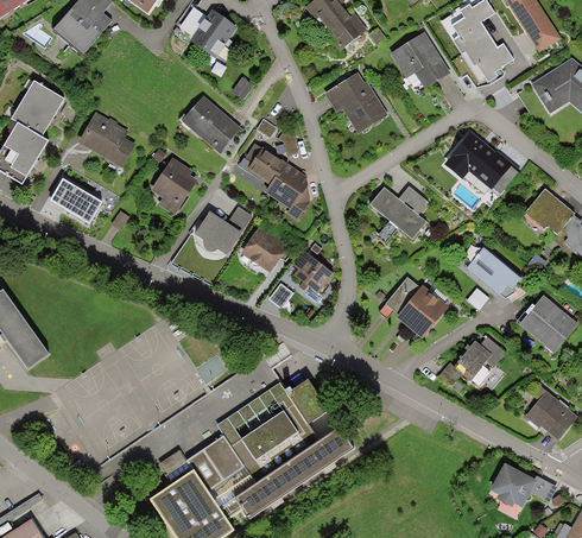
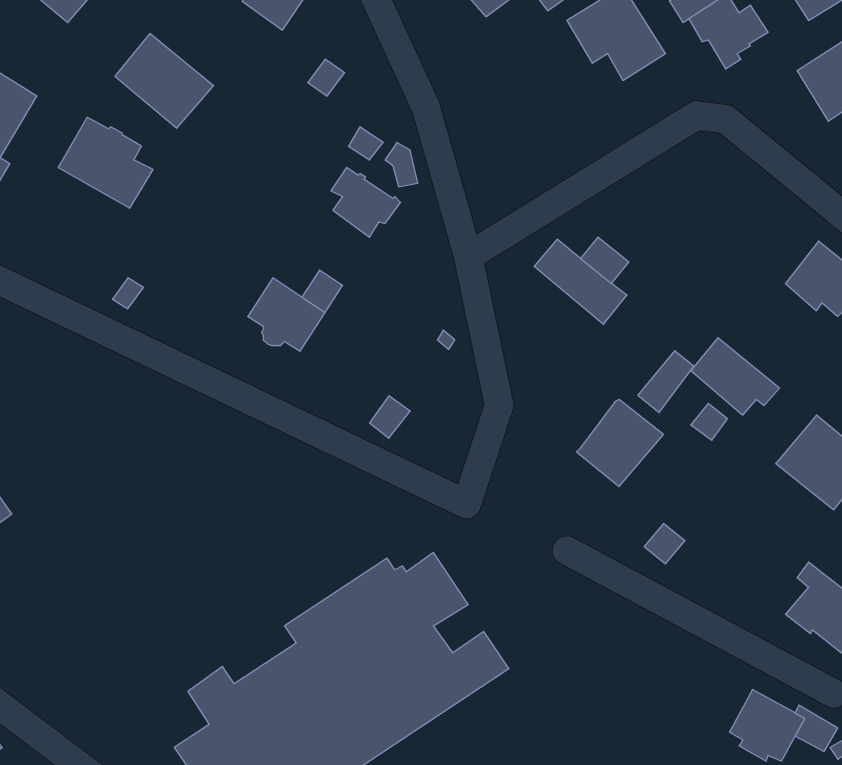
building: [324,72,387,133] -> none
building: [181,95,241,153] -> [115,34,214,128]
building: [443,131,512,189] -> none
building: [150,157,197,215] -> none
building: [265,164,309,220] -> none
building: [49,178,102,223] -> none
building: [240,227,287,272] -> none
building: [292,249,334,293] -> none
building: [385,277,419,315] -> [638,351,694,413]
building: [457,336,506,376] -> none

